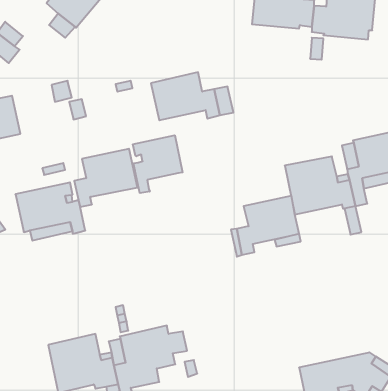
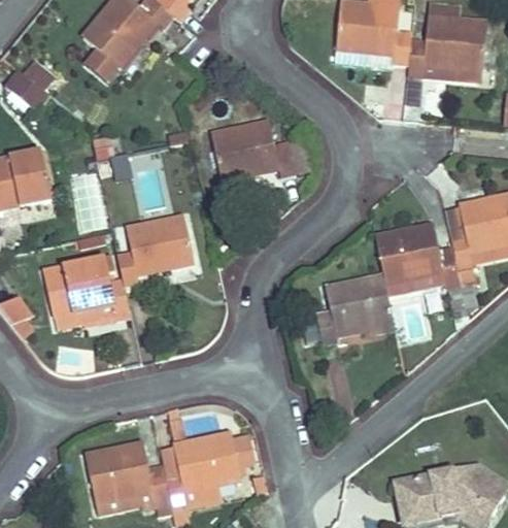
building: [133,135,183,193] -> none

